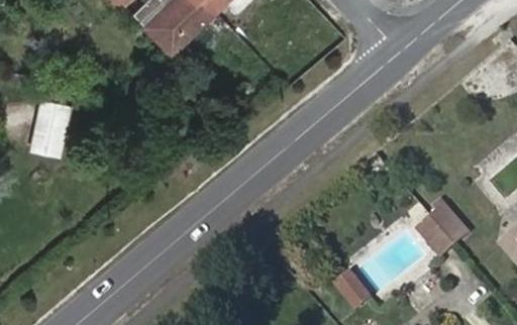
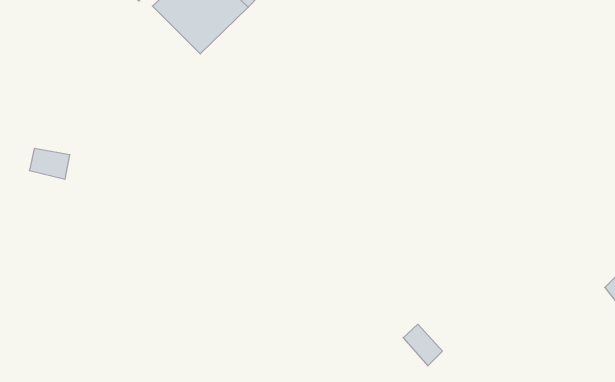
building: [35,99,71,134] -> none
building: [419,207,464,252] -> none

